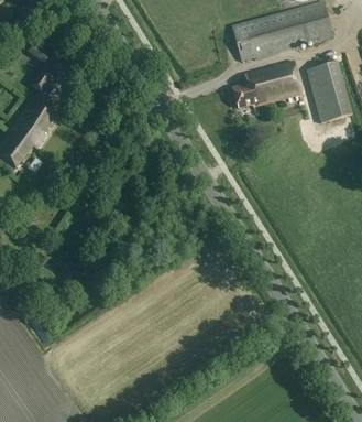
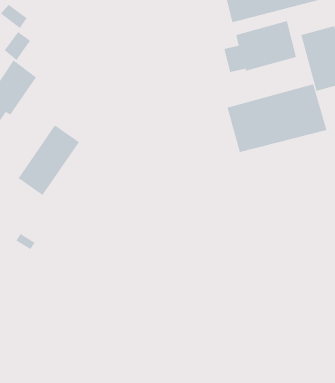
building: none -> [227,83,327,153]
building: none -> [18,124,80,196]

